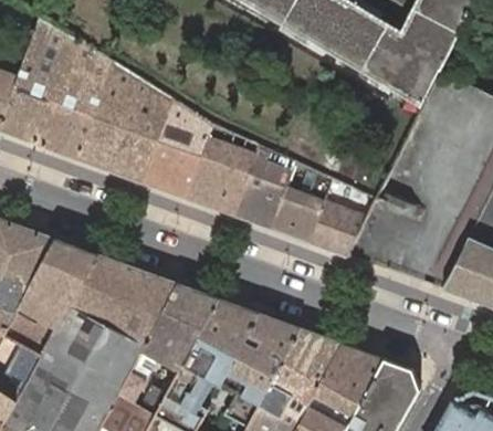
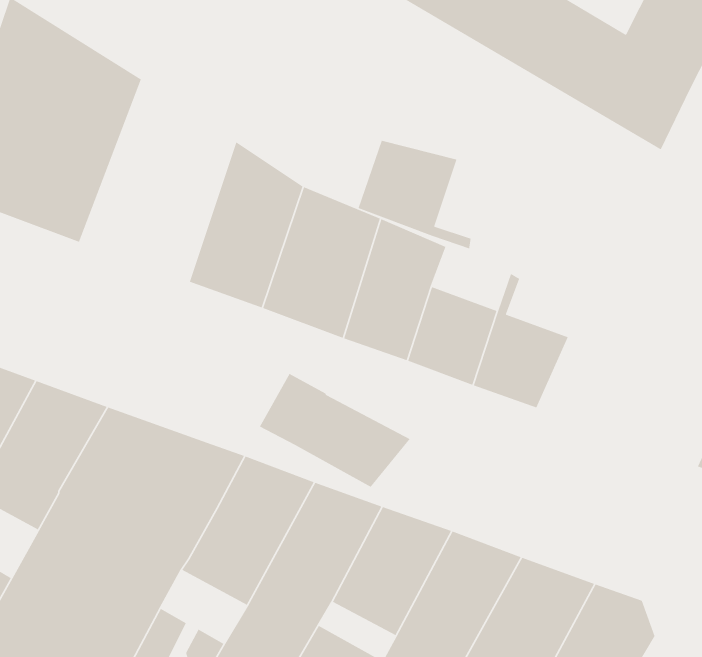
building: [80,63,171,182] -> none
building: none -> [357,140,471,250]
building: none -> [259,373,411,488]

